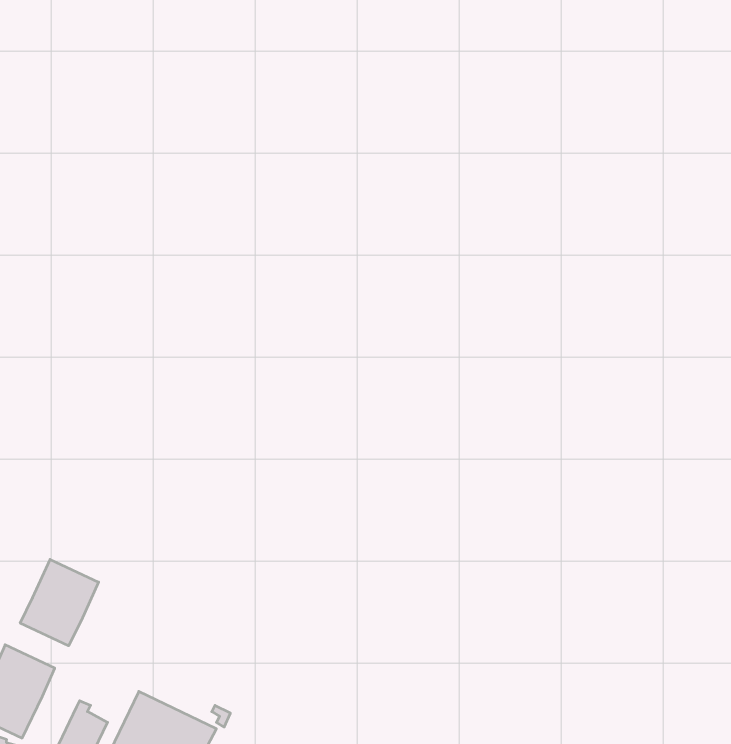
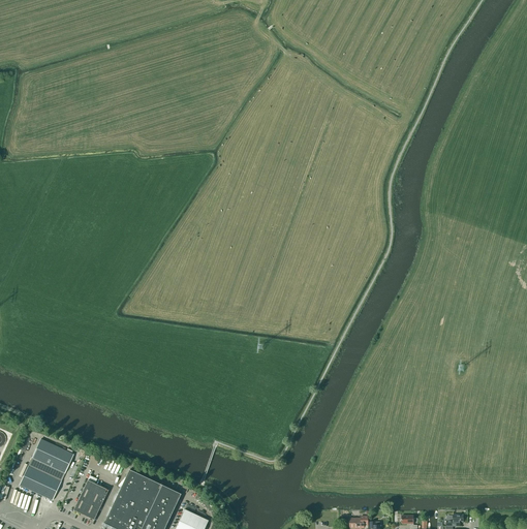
building: [20,559,99,646] -> none

